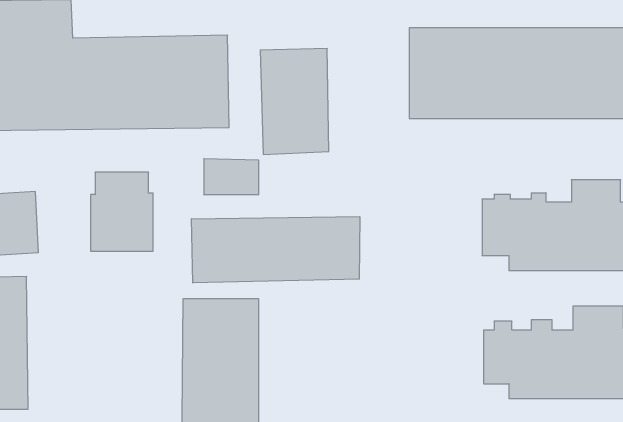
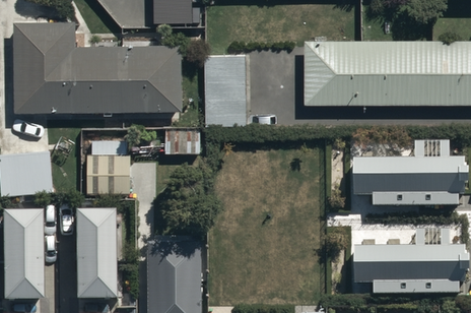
building: [192,217,360,283] -> none
building: none -> [78,209,119,300]

